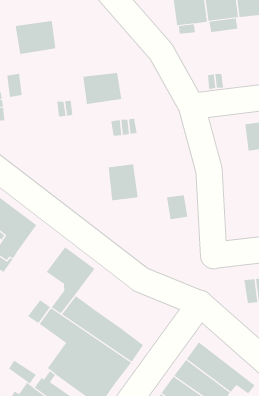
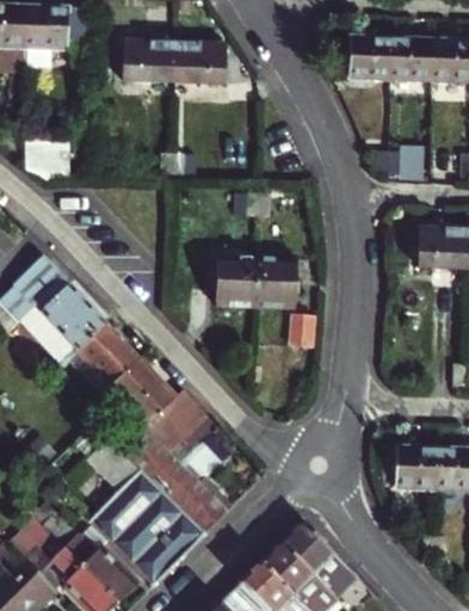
building: [82,72,122,104] -> [174,42,226,82]
building: none -> [254,259,295,307]
building: none -> [75,322,141,389]
building: none -> [144,394,230,483]

